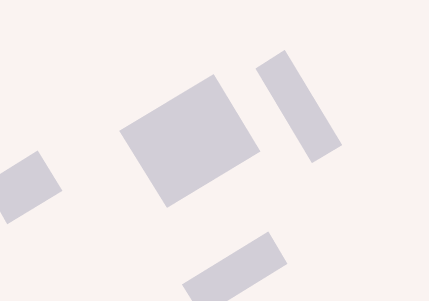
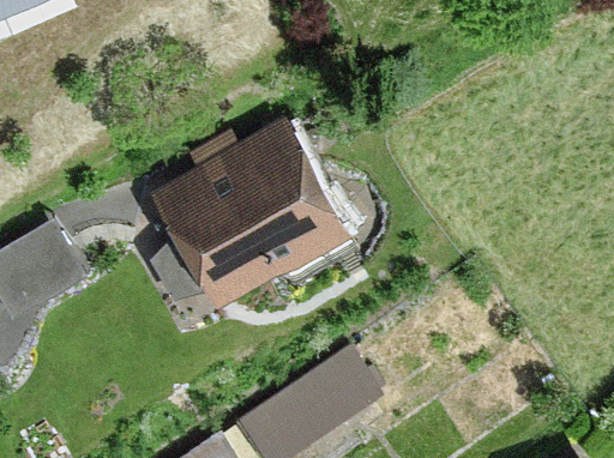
building: [254,49,343,164] -> none

